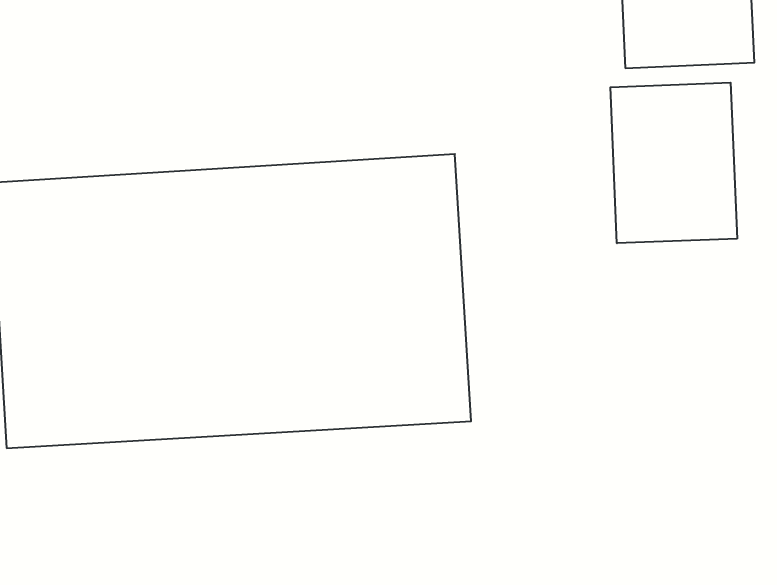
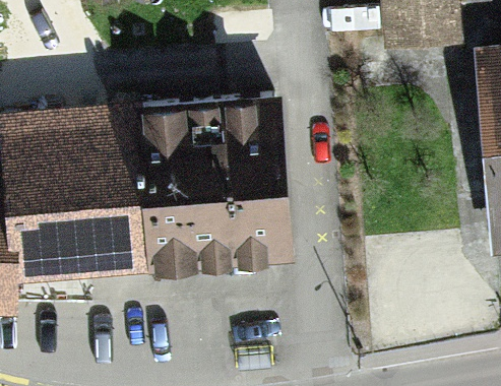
building: [610,83,737,243] -> none

